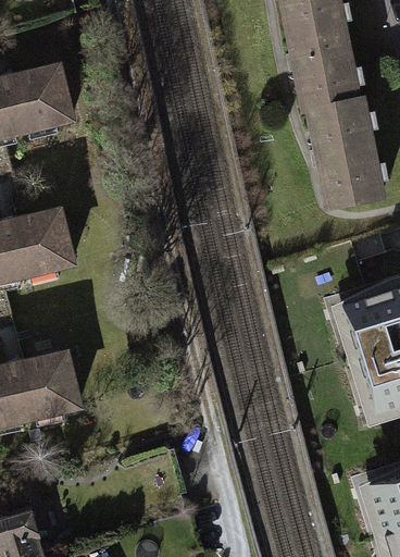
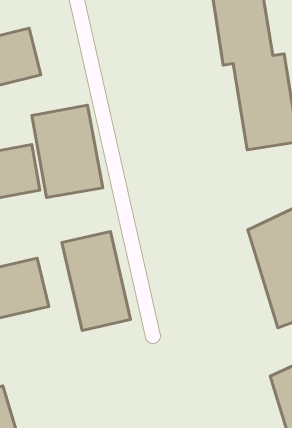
building: none -> [32,105,103,197]
building: none -> [62,232,131,331]

